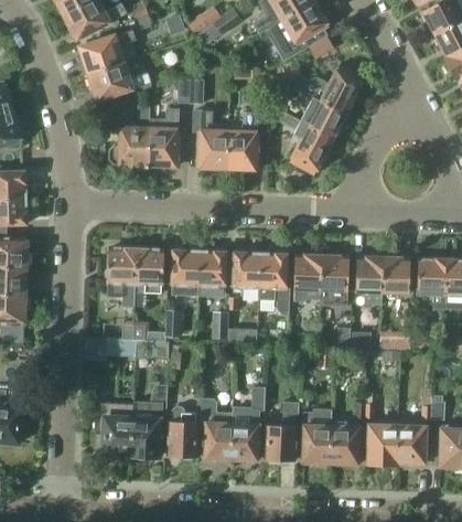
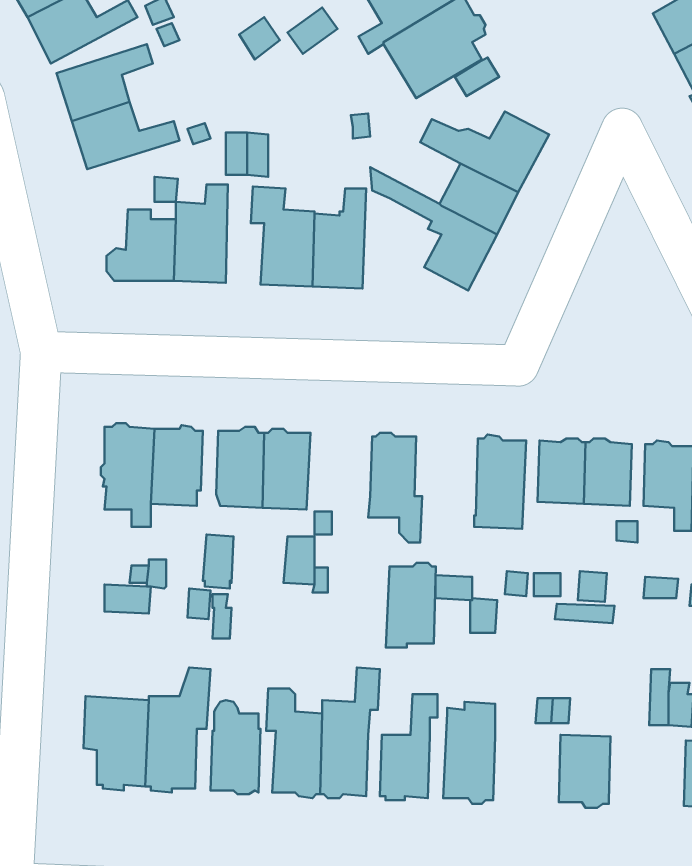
building: [234,251,261,292] -> none
building: [293,253,322,301] -> [386,563,436,647]
building: [331,426,359,465] -> none
building: [397,426,427,467] -> none

